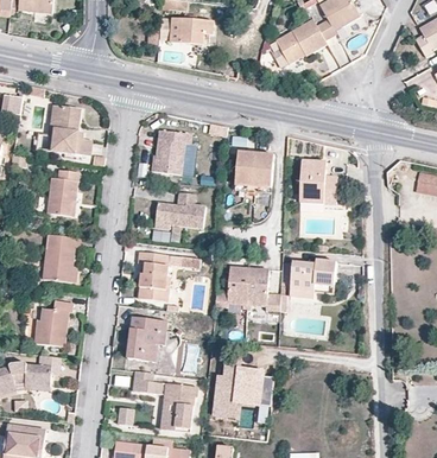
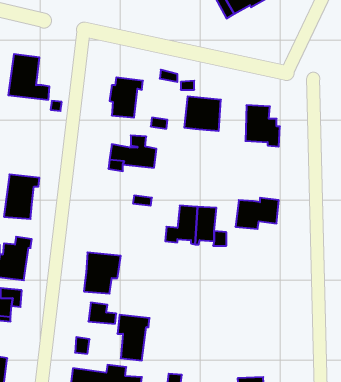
building: [46,170,78,216] -> none
building: [137,252,169,301] -> none
building: [210,356,270,413] -> none

